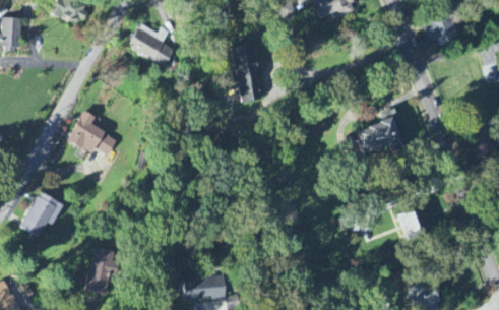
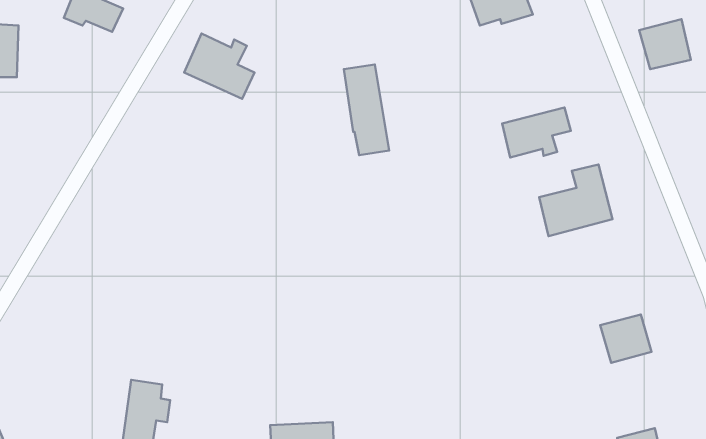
building: none -> [502,108,571,158]
building: [68,110,116,154] -> none
building: [21,191,62,235] -> none

